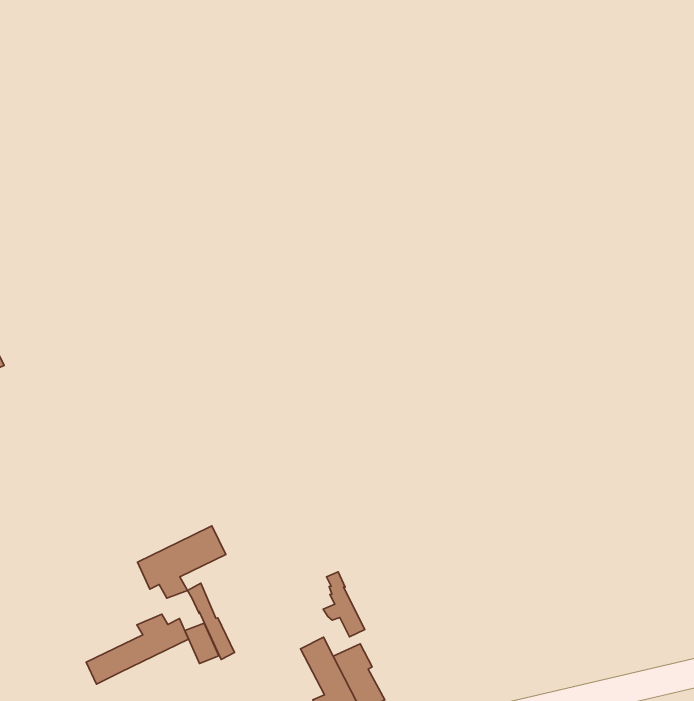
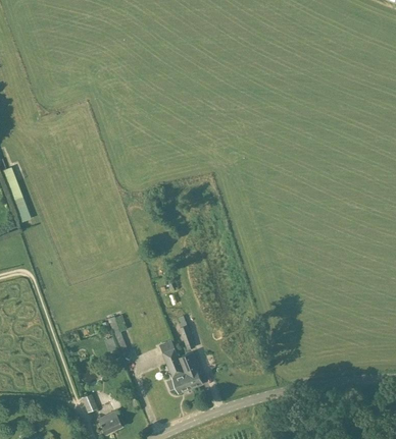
building: [137,526,226,598] -> none
building: [86,614,188,684] -> none

